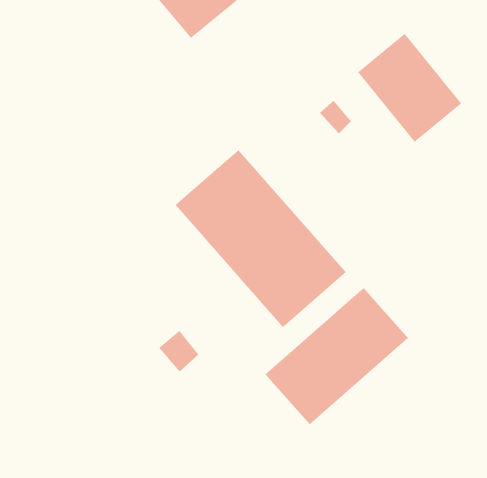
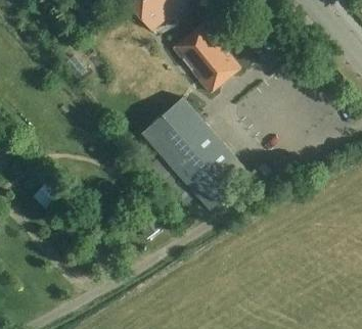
building: [357,33,462,143] -> [172,22,237,91]
building: [265,287,409,425] -> none

